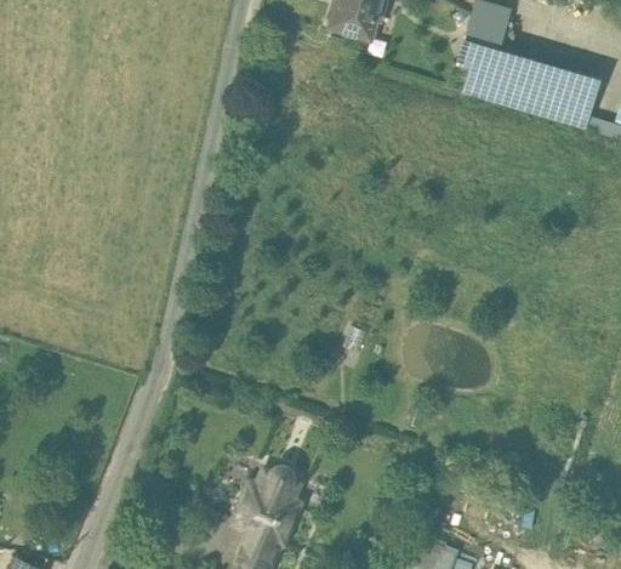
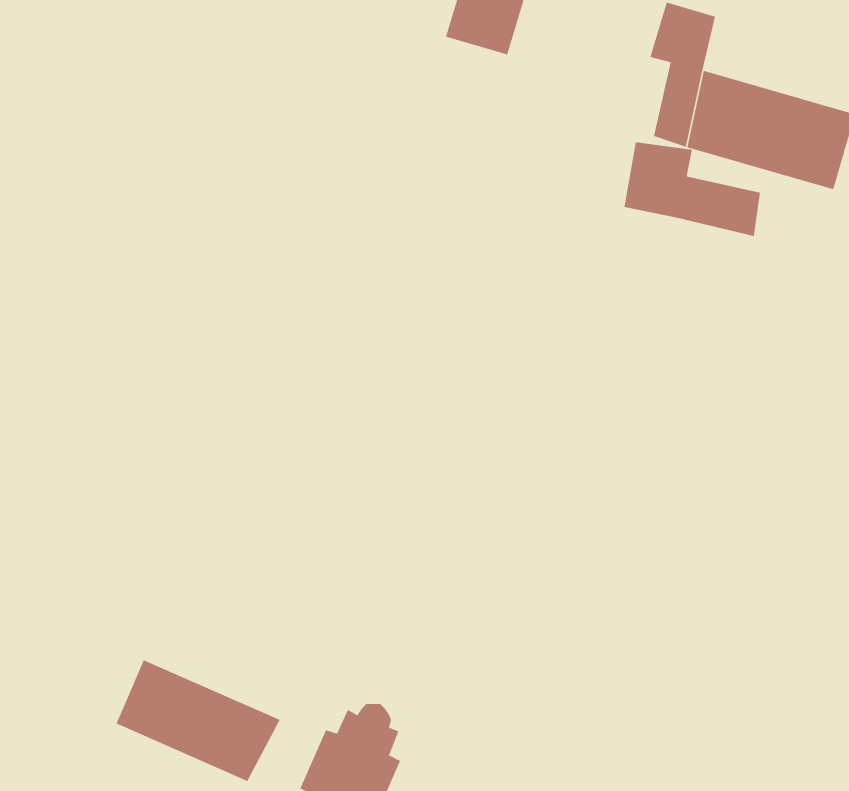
building: none -> [624,142,761,237]
building: none -> [116,660,281,782]

